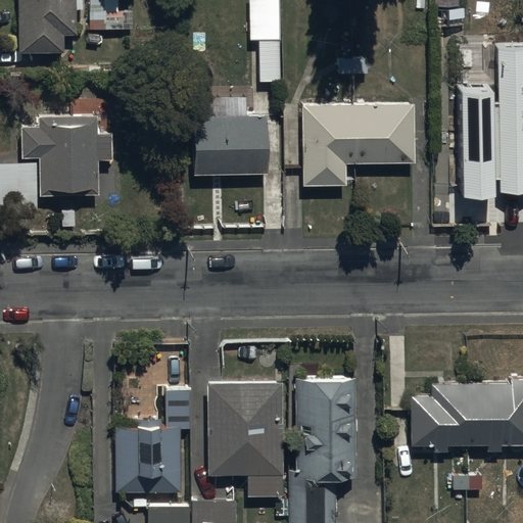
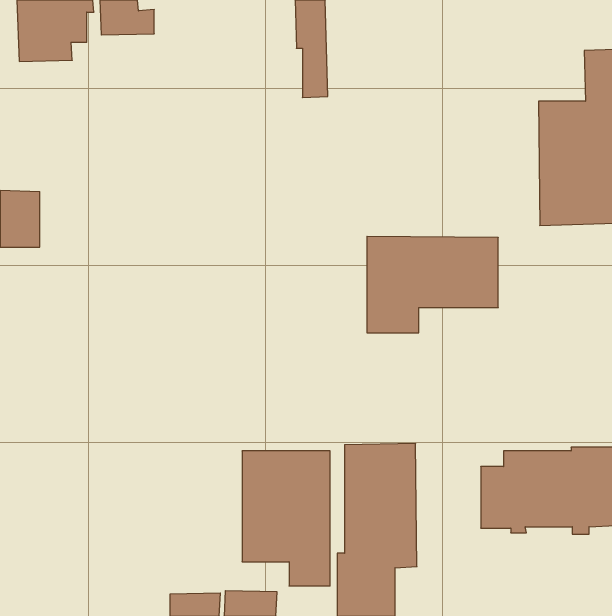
building: [302,104,414,186] -> [367,236,498,333]
building: [20,115,113,196] -> none
building: [193,115,267,175] -> none
building: [115,386,191,491] -> none

